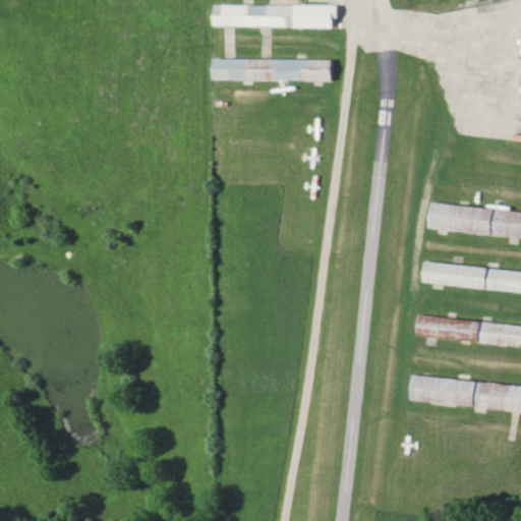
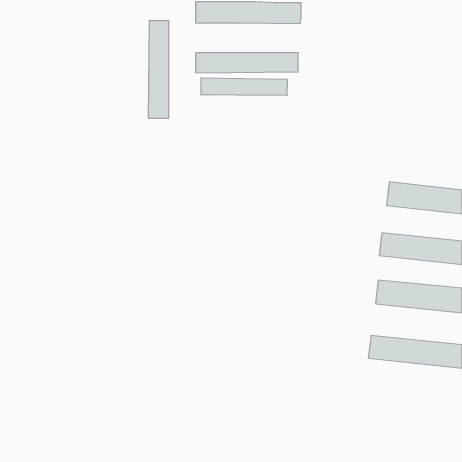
building: none -> [148,20,169,118]
building: none -> [201,78,287,96]

